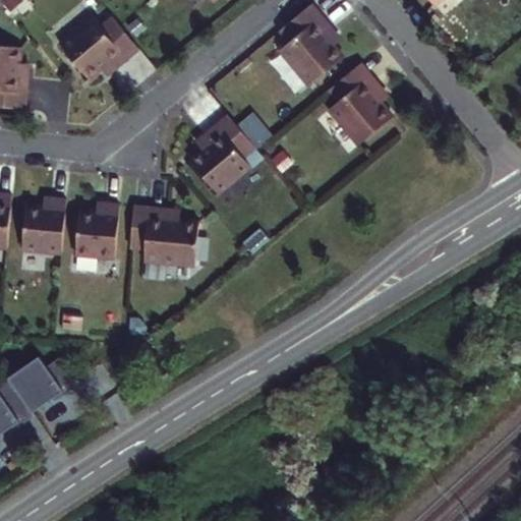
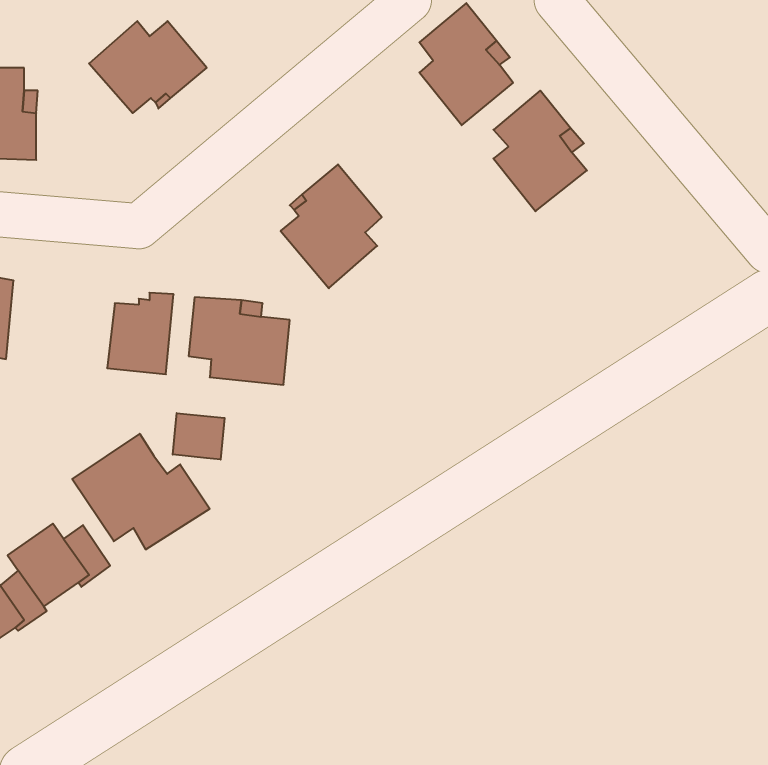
building: [19,196,64,251] -> none
building: none -> [173,413,225,460]
building: none -> [72,434,210,550]

